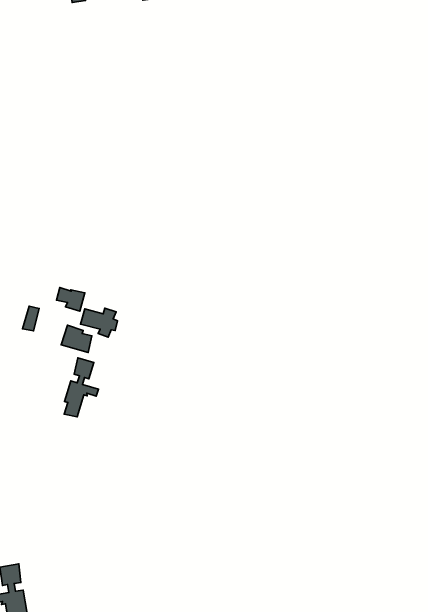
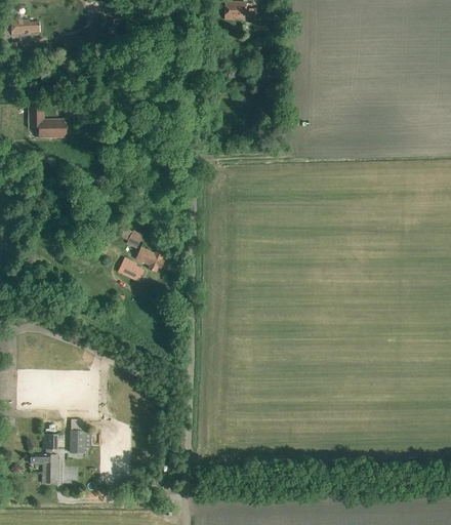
building: [64,358,98,417] -> none
building: none -> [70,431,91,454]

